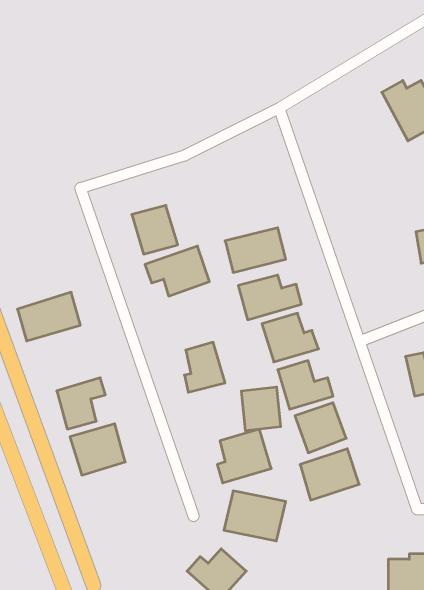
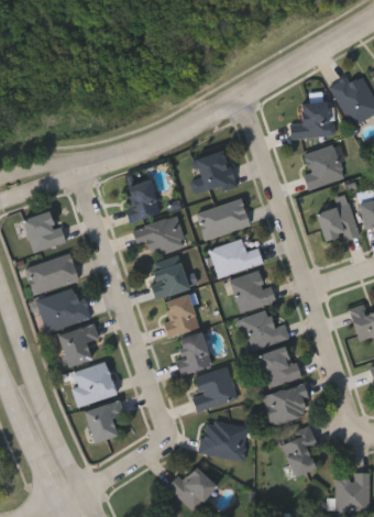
building: none -> [290,101,333,138]
building: none -> [302,144,344,189]
building: none -> [195,150,234,191]
building: none -> [316,194,359,243]
building: none -> [22,210,64,253]
building: none -> [150,264,187,297]
building: none -> [37,288,91,331]
building: [241,387,281,431] -> [176,337,209,373]
building: none -> [82,400,124,443]
building: none -> [279,428,318,477]

